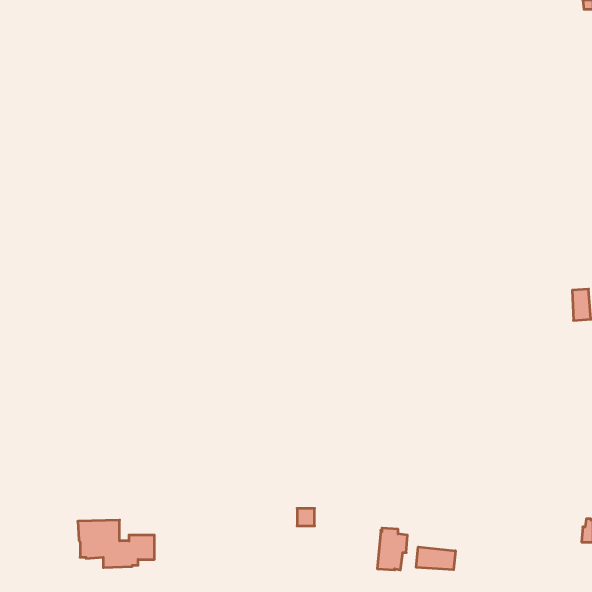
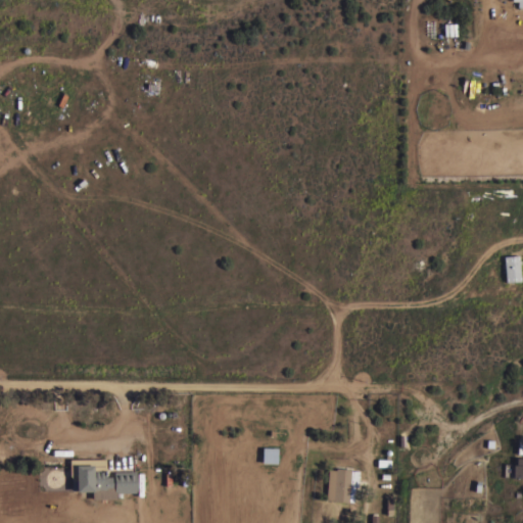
building: [416,547,455,570] -> none

